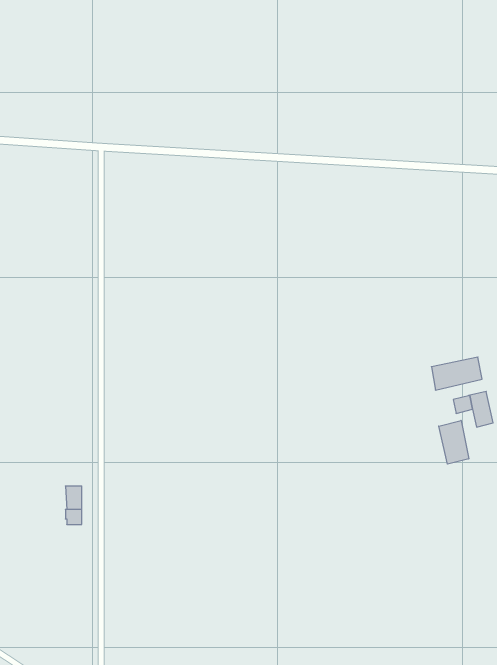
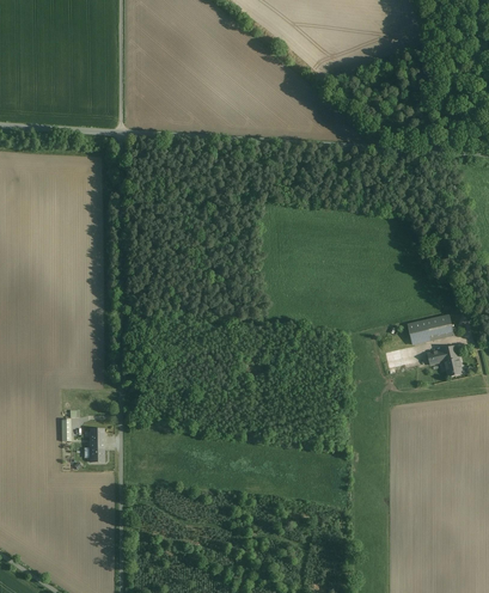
building: [439,420,469,464] -> none

